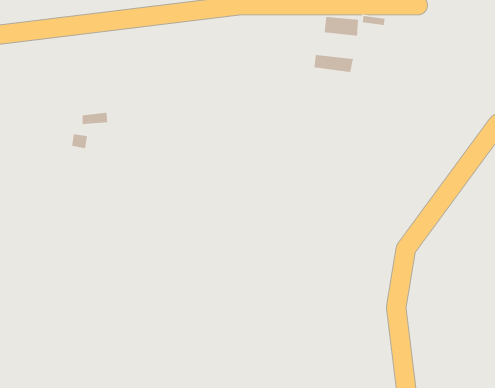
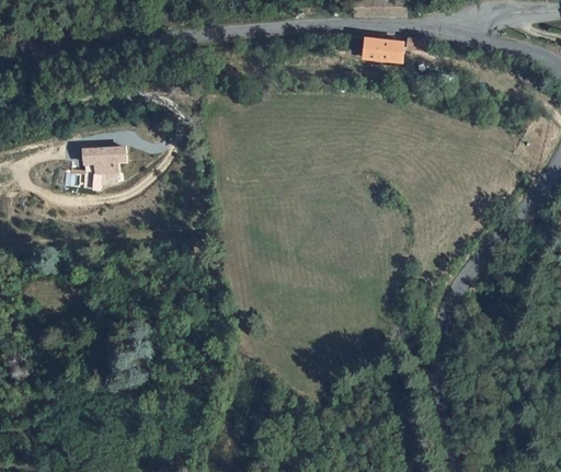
building: [314,54,354,73] -> none

